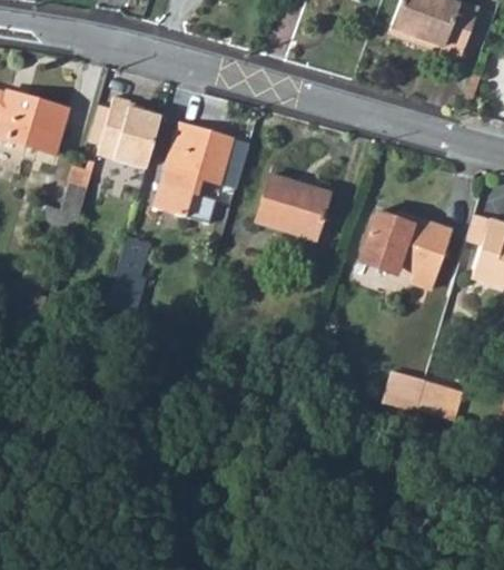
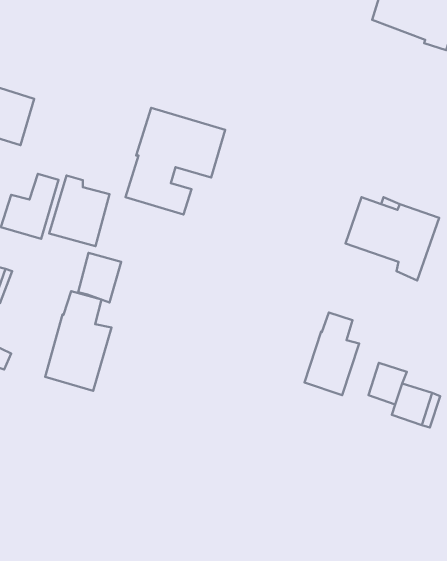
building: [100,99,158,167] -> [49,176,109,246]
building: [253,169,328,236] -> none
building: none -> [45,291,111,391]
building: none -> [304,313,359,395]

